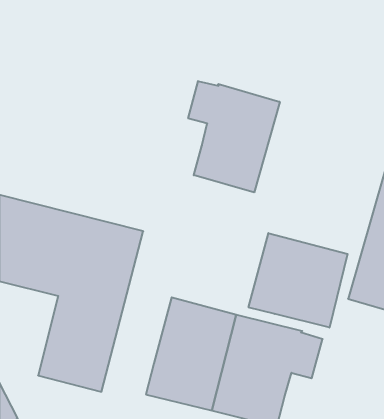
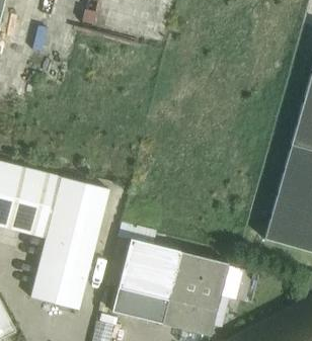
building: [188,81,280,192] -> none
building: [249,233,348,328] -> none

